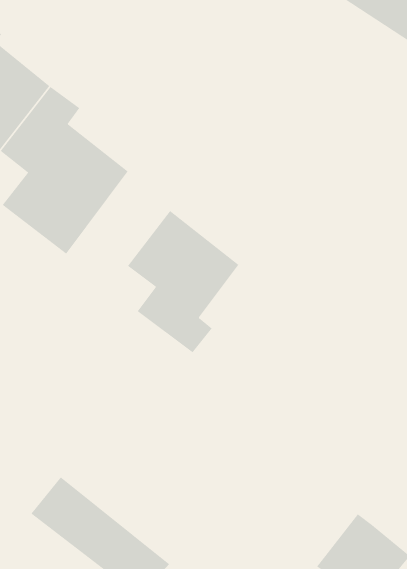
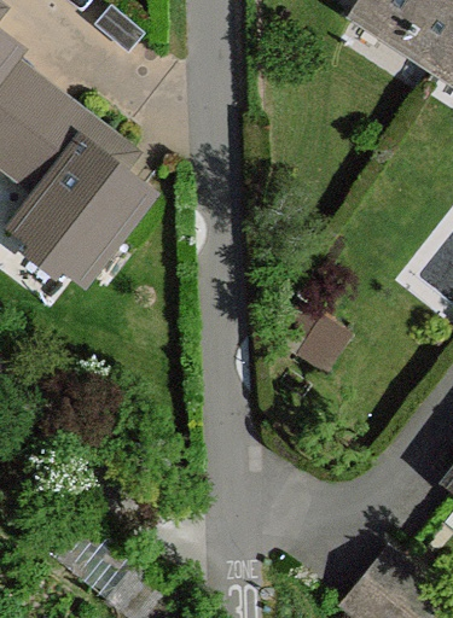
building: [127,210,239,353] -> none

